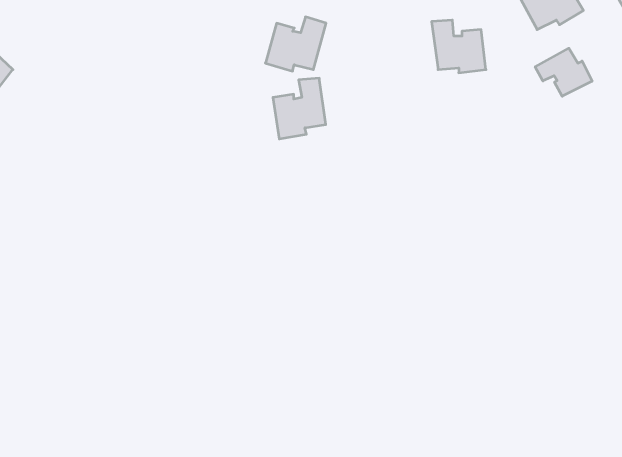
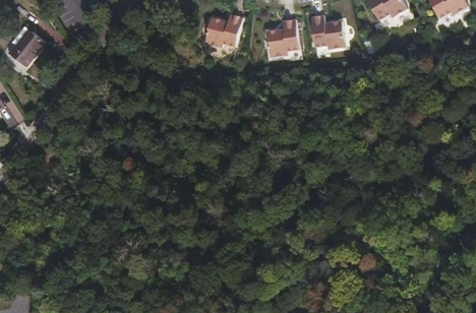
building: [535,48,592,96] -> none
building: [273,78,326,139] -> [265,18,299,57]

